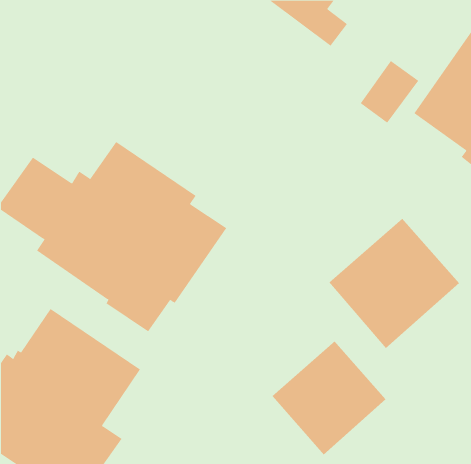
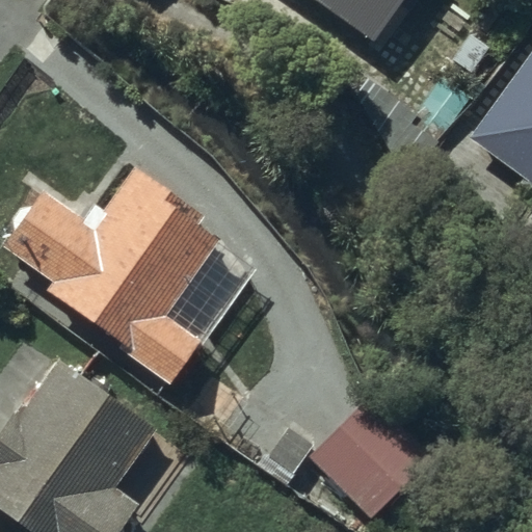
building: [328,218,460,349] -> none

